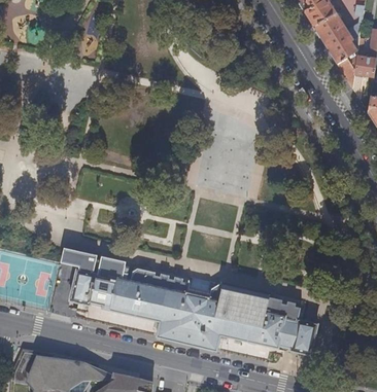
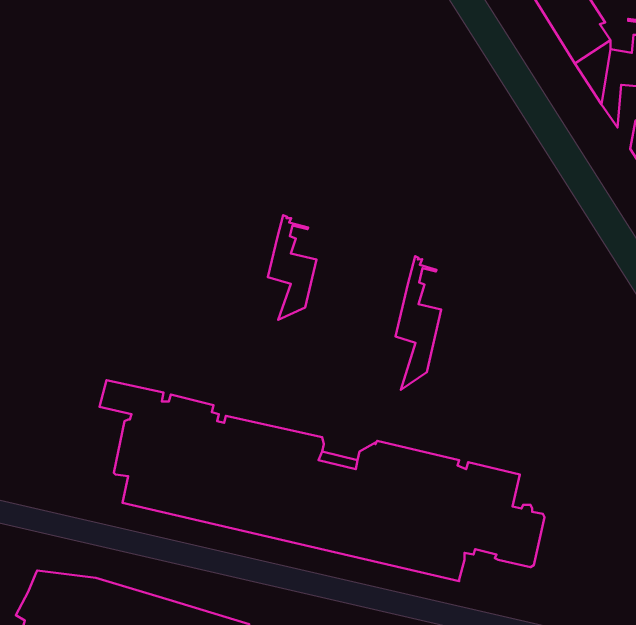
building: none -> [268,215,317,320]
building: none -> [395,256,441,390]

